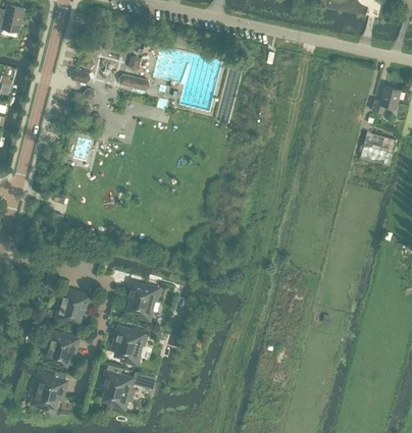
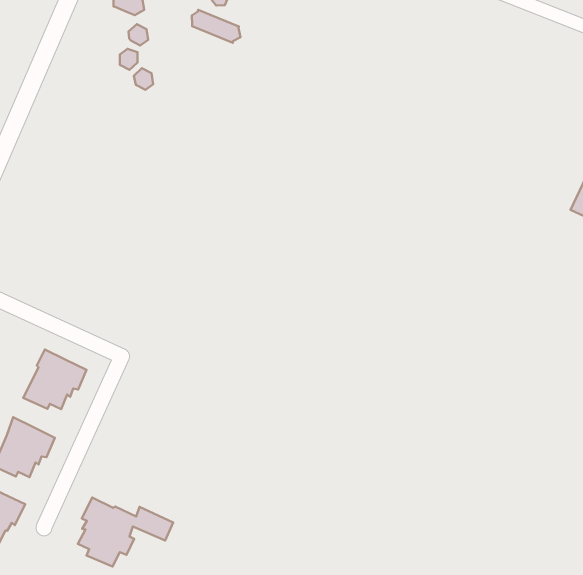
building: [126,281,158,320] -> none
building: [114,325,146,364] -> none

